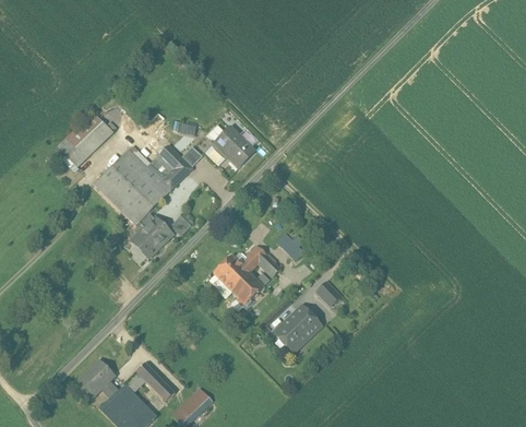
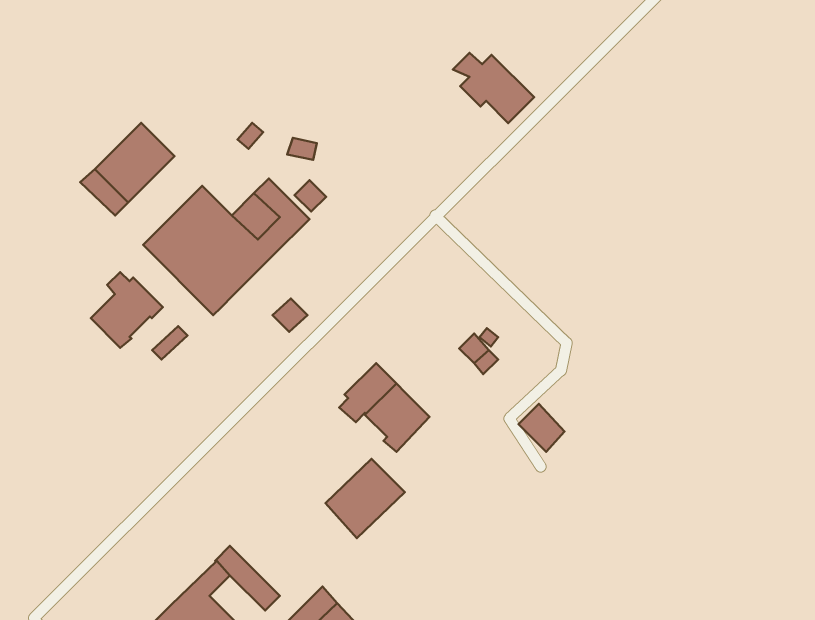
building: [207,124,255,166] -> [453,53,534,123]
building: [130,213,172,258] -> [91,272,163,348]
building: [241,245,280,275] -> none
building: [274,305,321,352] -> [325,459,405,538]
building: [74,359,118,399] -> none

